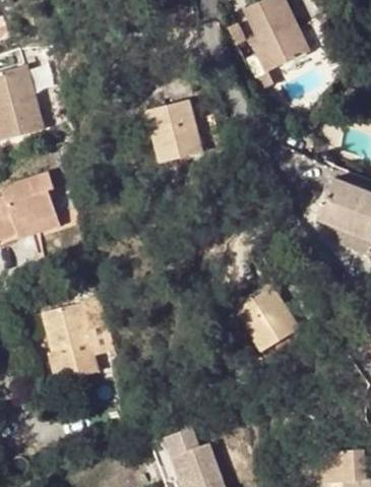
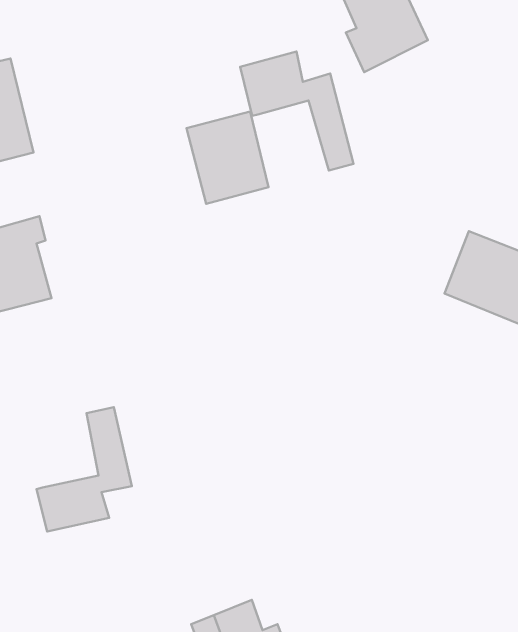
building: none -> [240,51,354,170]
building: [234,284,300,353] -> none
building: [42,303,88,353] -> none

